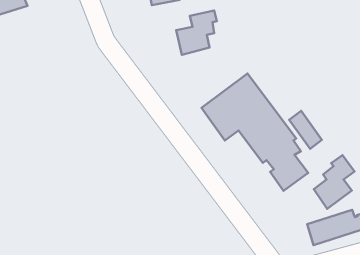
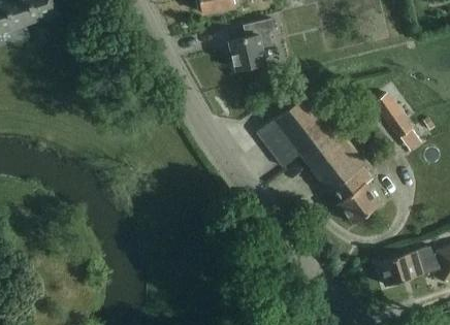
building: [289,111,322,149] -> [375,96,412,139]
building: [314,155,355,209] -> none

